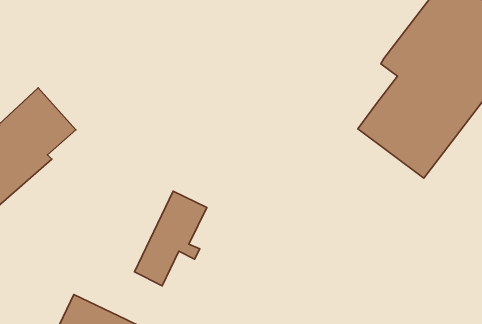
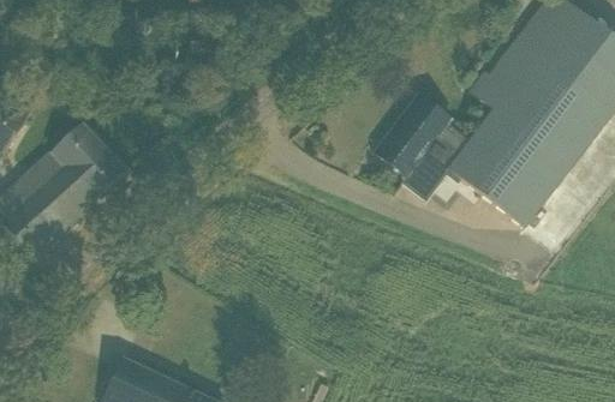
building: none -> [375,95,470,180]
building: [134,191,207,286] -> none

